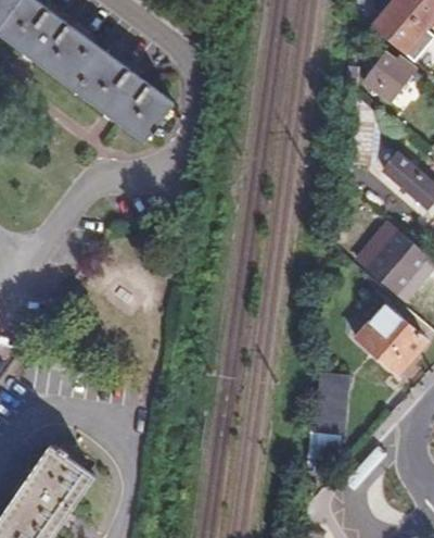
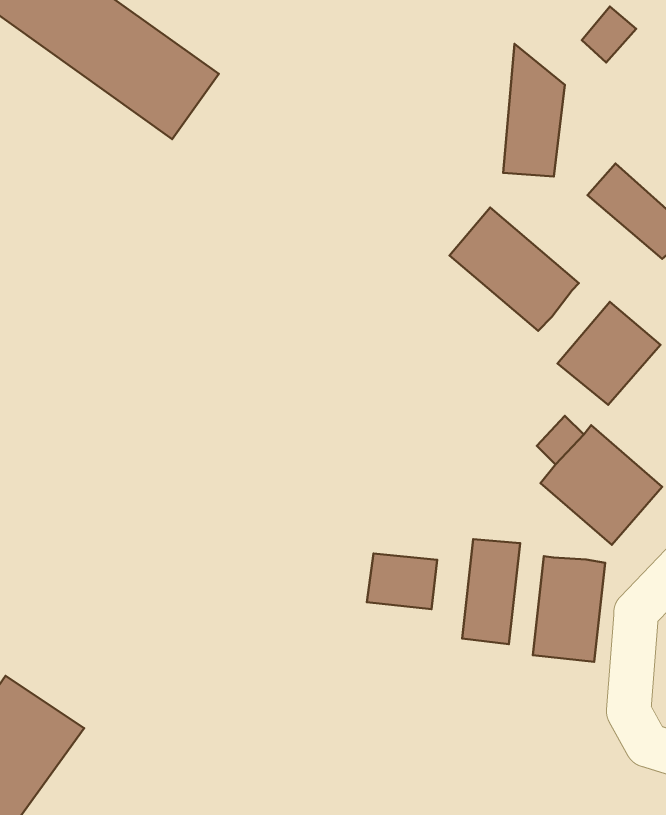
building: none -> [450,208,579,331]
building: none -> [367,553,437,609]
building: none -> [533,556,605,662]

